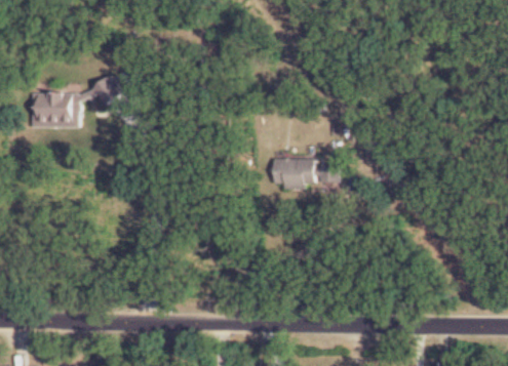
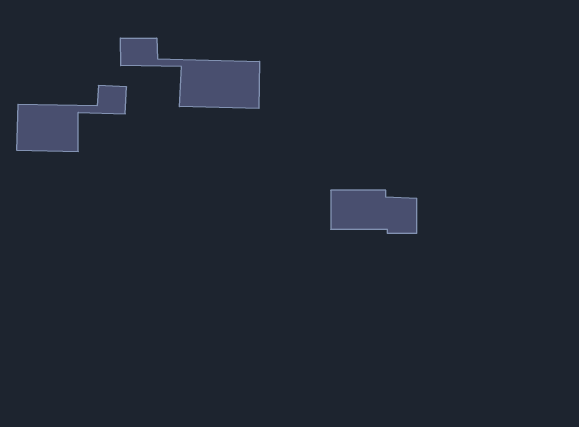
building: none -> [120,38,260,108]

